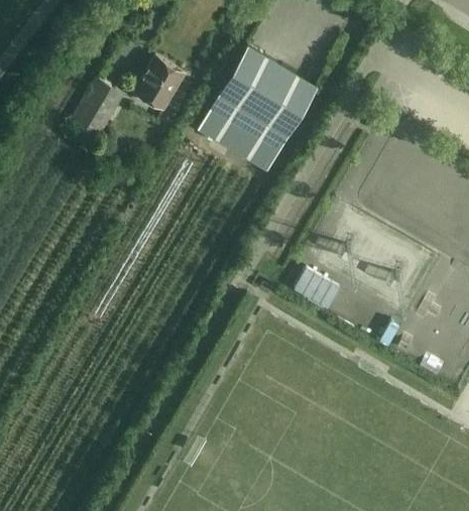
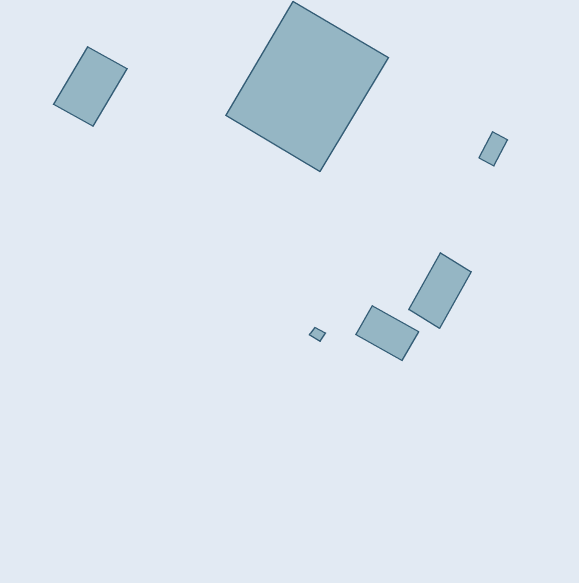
building: [135,58,185,111] -> none
building: none -> [409,253,471,328]

